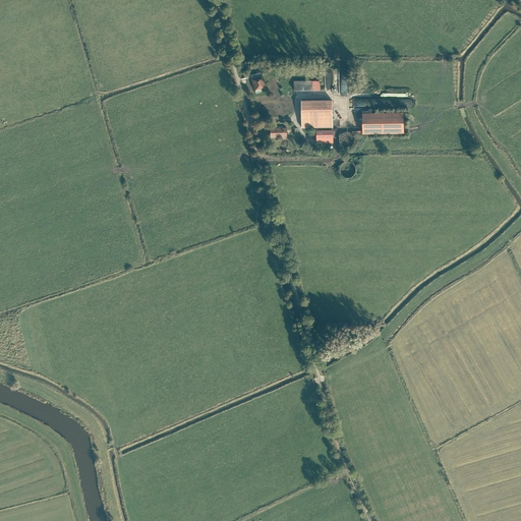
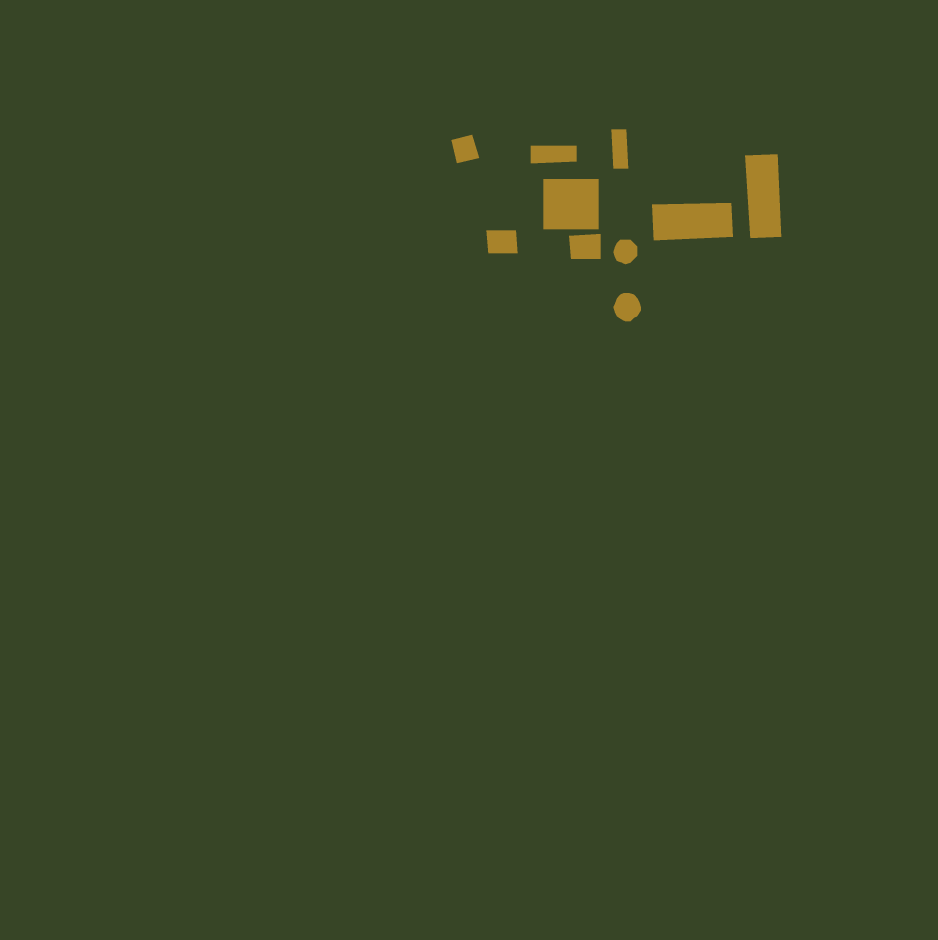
building: none -> [745,154,782,239]

